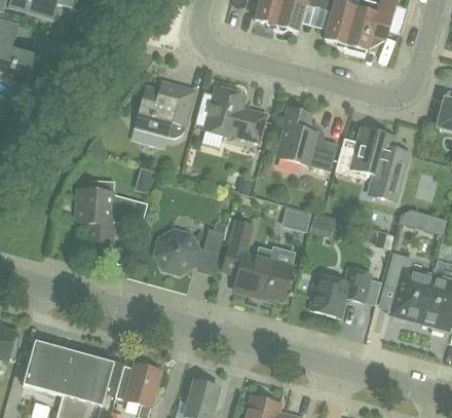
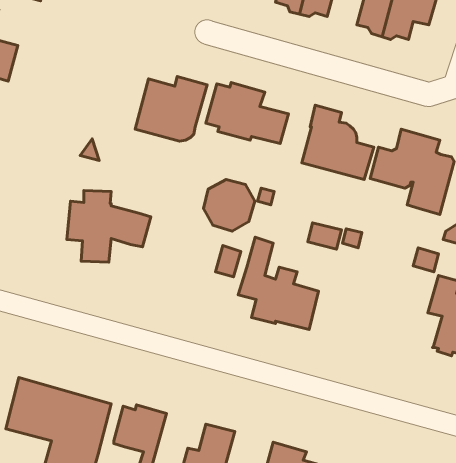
building: [154,229,198,273] -> [203,180,255,231]
building: [309,268,371,317] -> none

